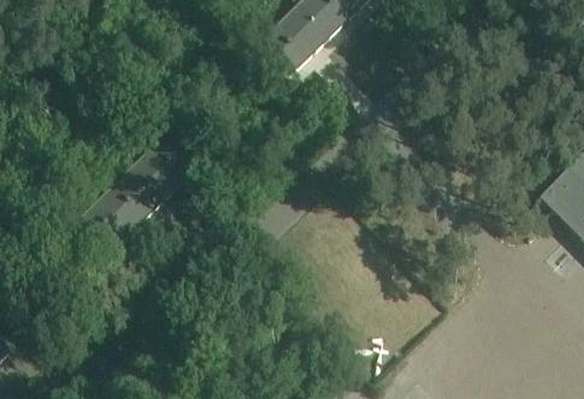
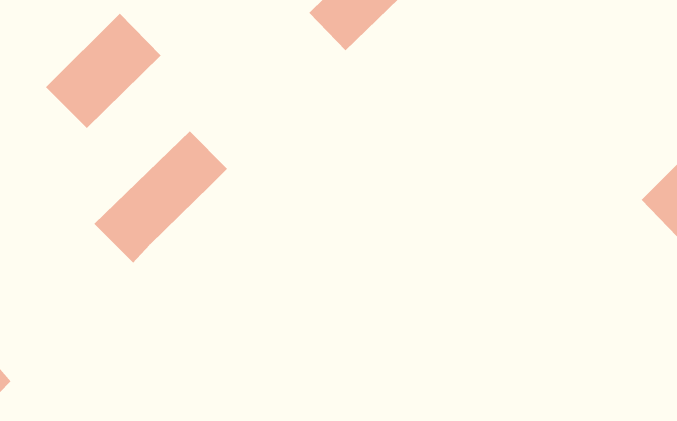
building: none -> [45,13,162,129]

